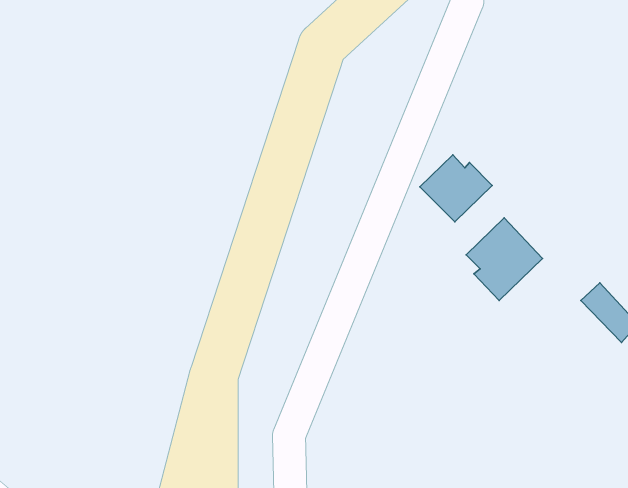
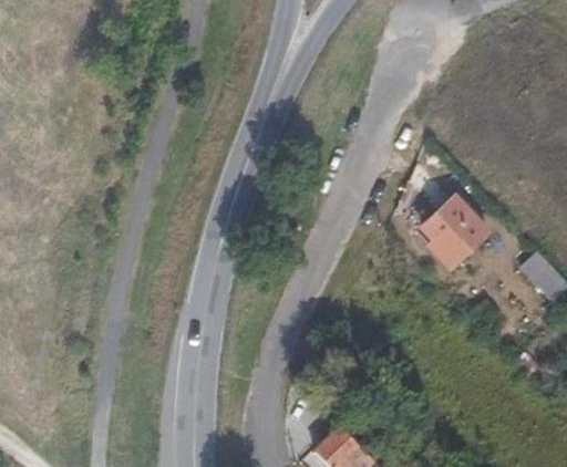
building: [420,155,492,222] -> none

